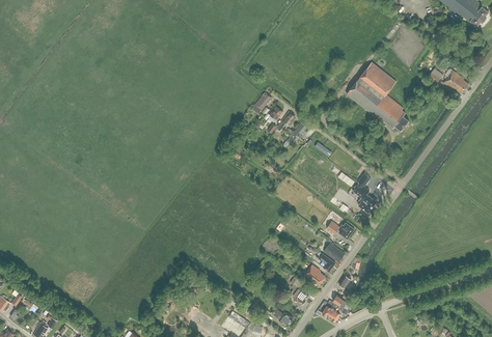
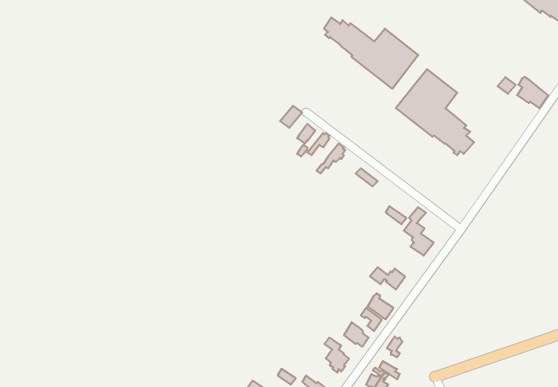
building: none -> [324,17,418,89]

